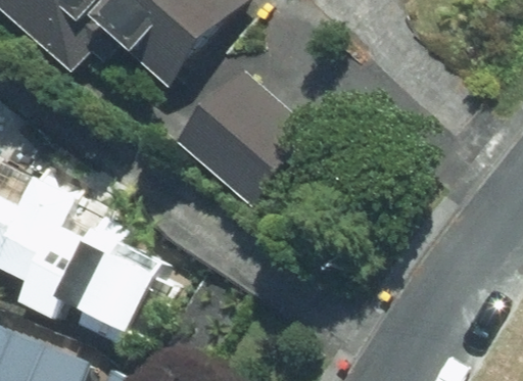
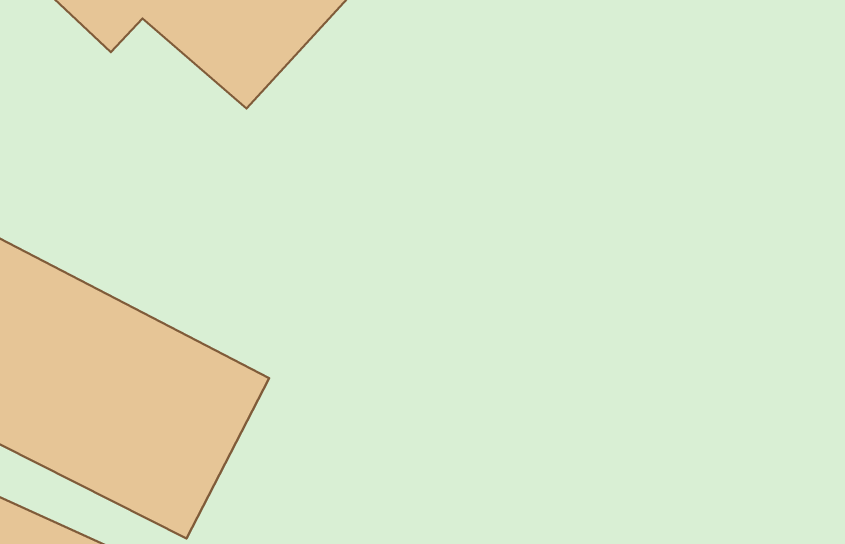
building: [177,65,312,206] -> none

